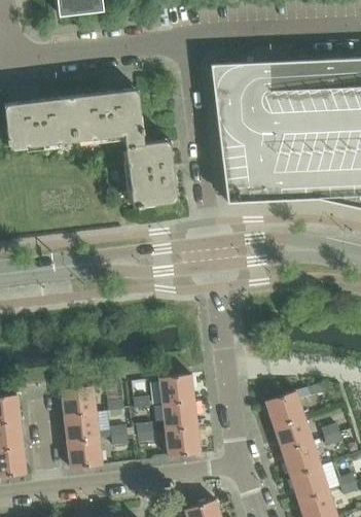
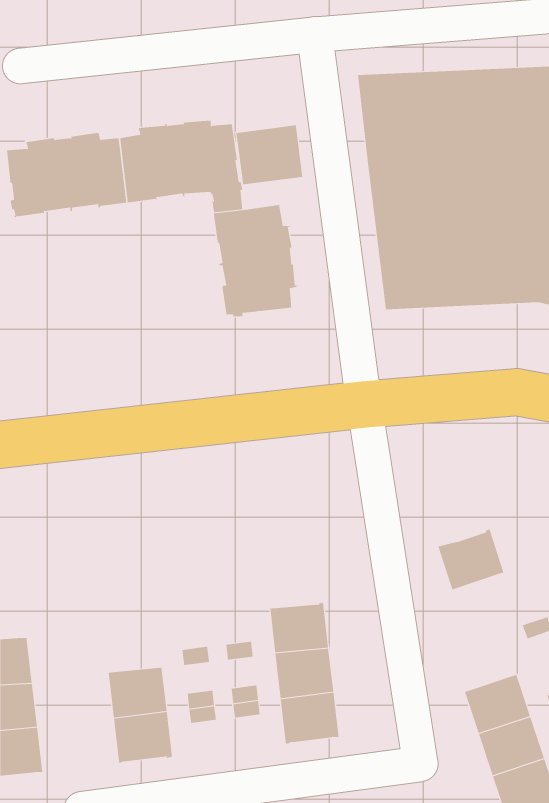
building: none -> [236,124,303,185]
building: [62,385,97,415] -> none
building: [265,390,304,426] -> [438,529,504,590]

